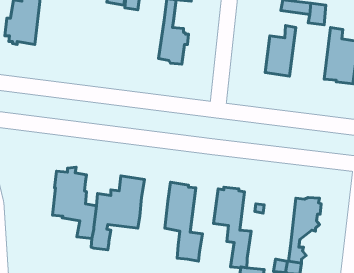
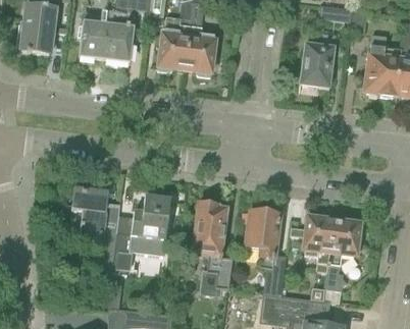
building: none -> [79,10,135,62]
building: none -> [158,18,191,70]
building: none -> [303,214,335,272]

